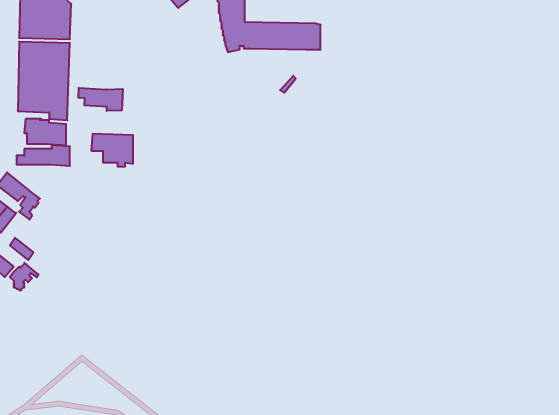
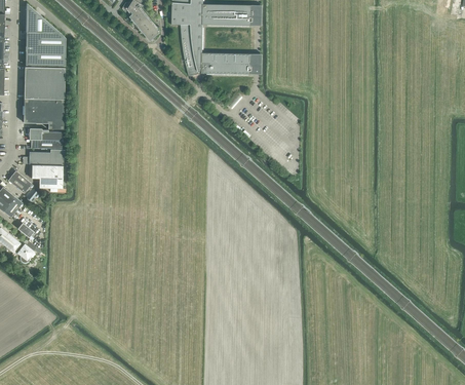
building: [78,88,123,111] -> none
building: [91,134,133,166] -> [29,164,62,190]

